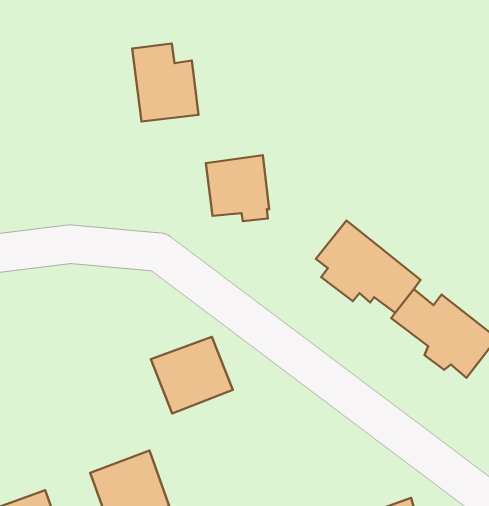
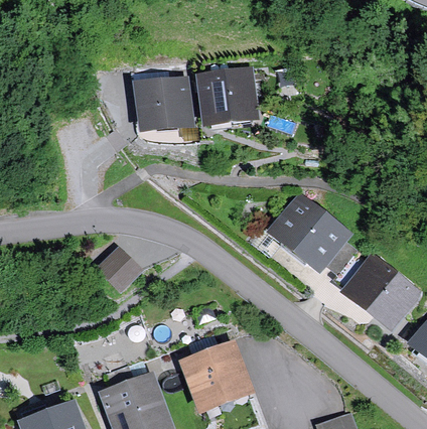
building: [206,155,269,221] -> [203,73,252,123]
building: none -> [98,249,140,291]
building: [151,337,233,413] -> [185,348,248,407]

